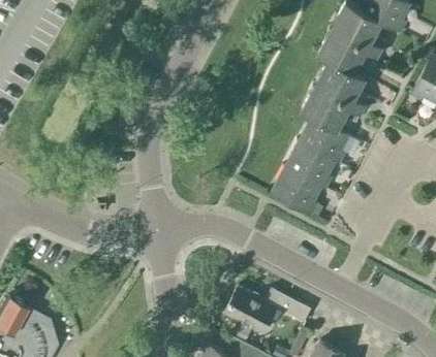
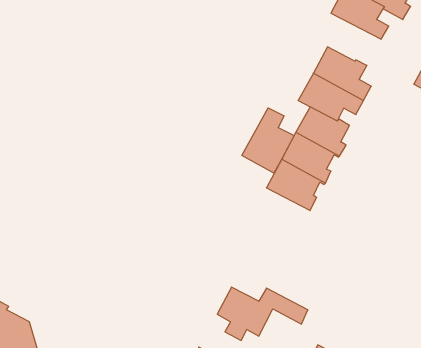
building: [317,28,379,73] -> none
building: none -> [242,108,294,173]

